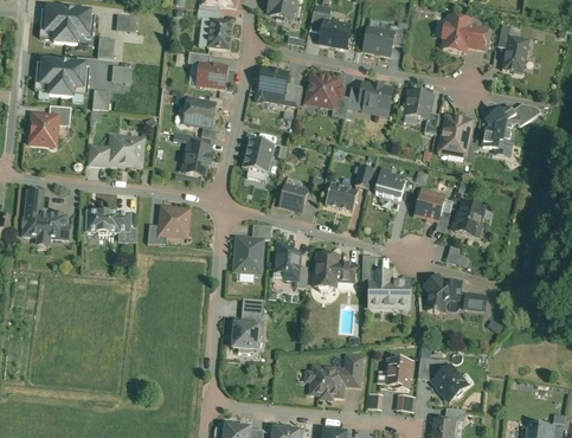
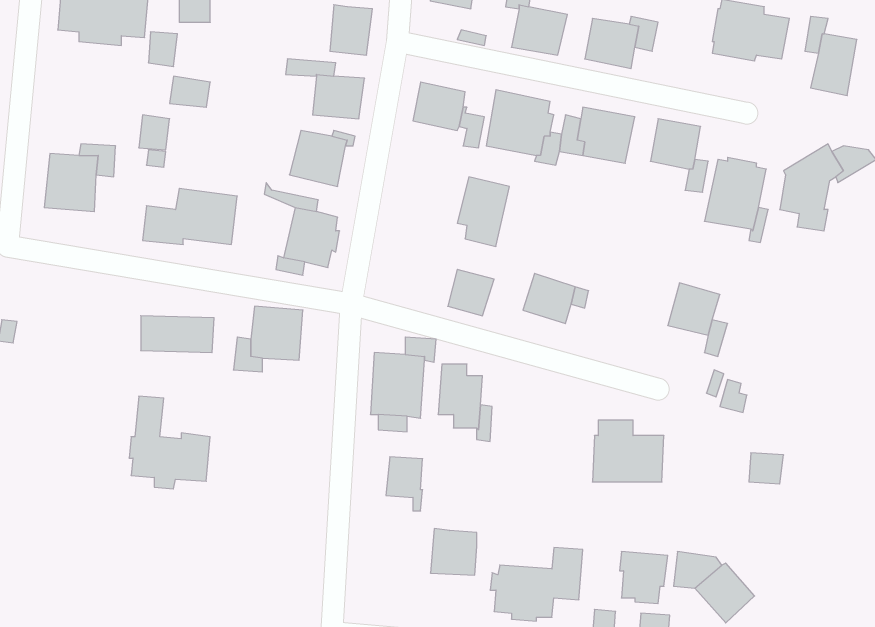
building: [34,58,90,95] -> none
building: [242,136,274,179] -> [457,177,509,246]
building: [375,167,406,197] -> none
building: [25,187,75,244] -> [129,396,210,489]
building: [451,200,482,239] -> none
building: [313,250,355,291] -> none
building: [422,273,461,315] -> none
building: [229,318,257,347] -> [430,529,477,575]

